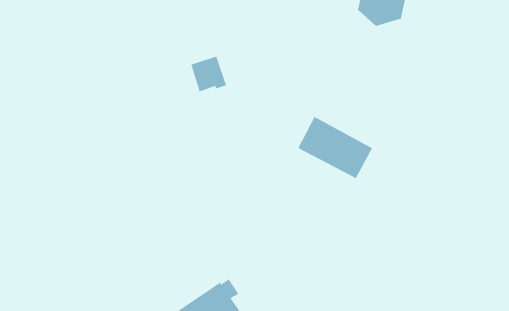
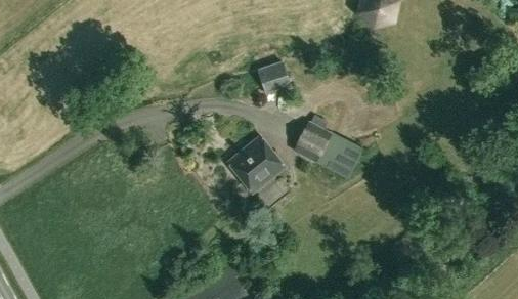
building: [190,56,227,92] -> [255,62,289,96]
building: none -> [226,136,286,195]

